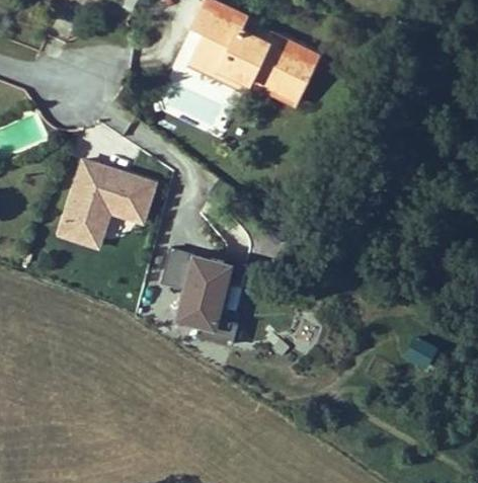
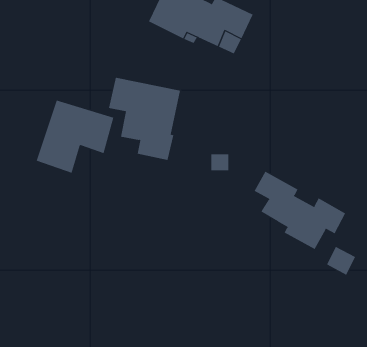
building: [162,245,249,345] -> [108,77,181,161]
building: none -> [254,171,346,250]

